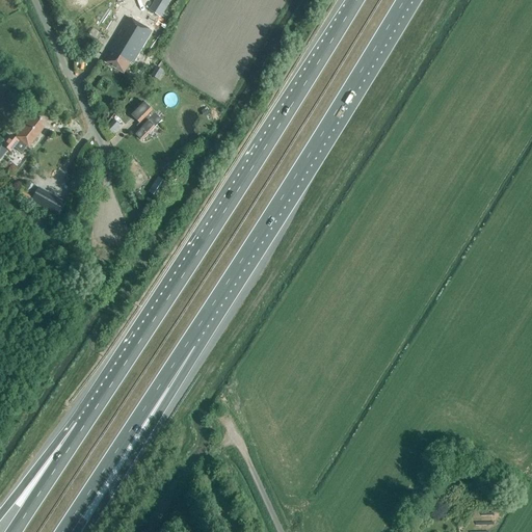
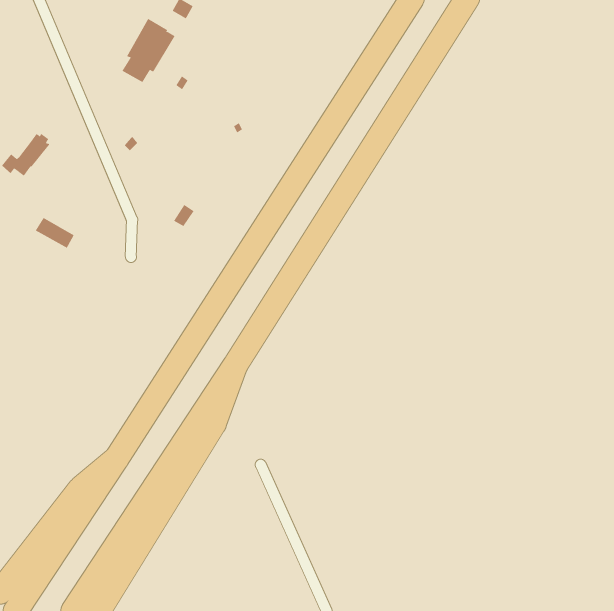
building: [131,100,162,139] -> none

